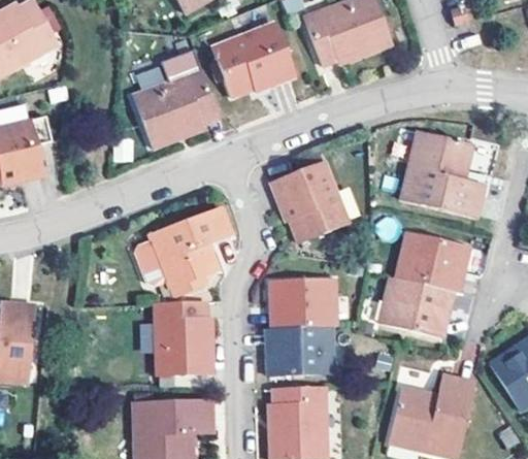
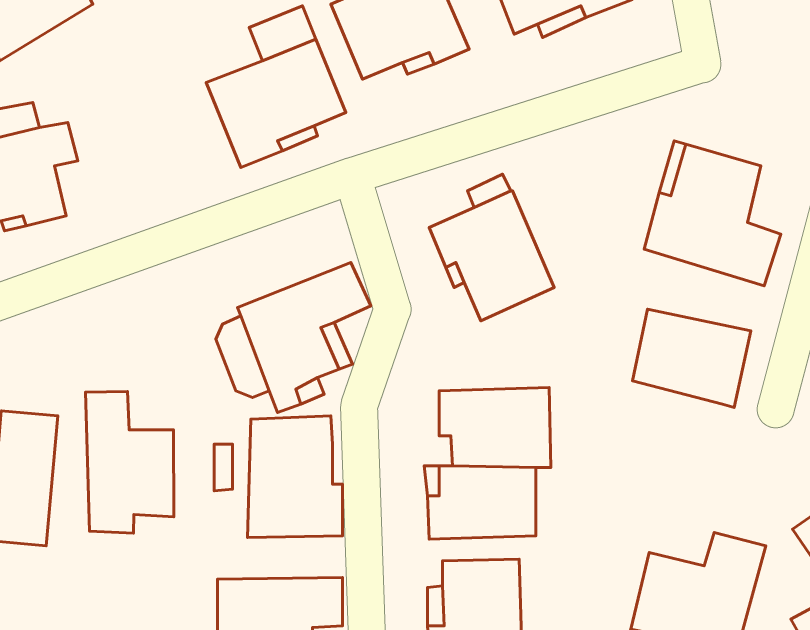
building: [380,277,451,337] -> none
building: none -> [86,391,174,533]

